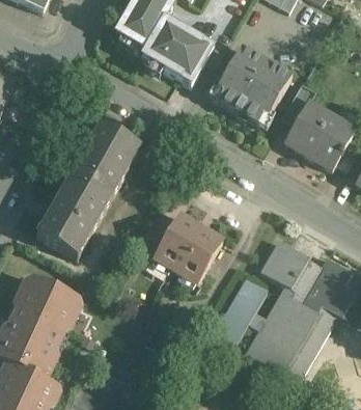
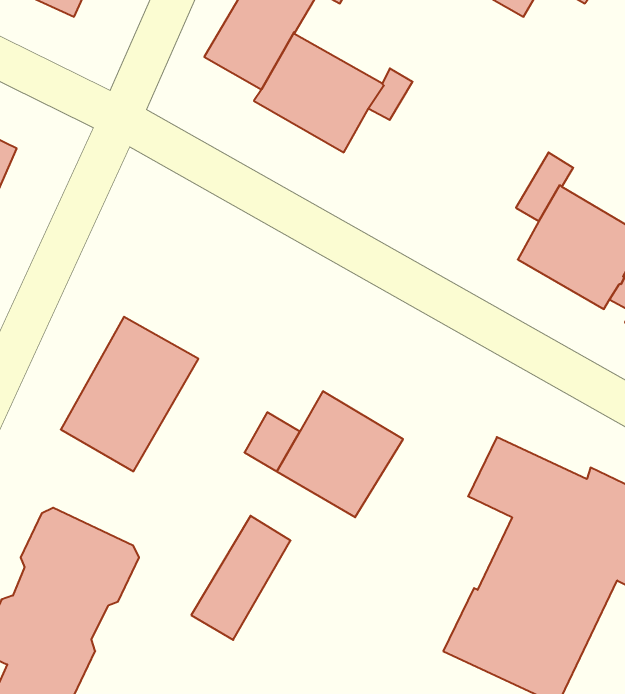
building: [216,47,290,124] -> none
building: [71,125,139,196] -> none
building: [213,275,267,343] -> [191,516,291,640]

